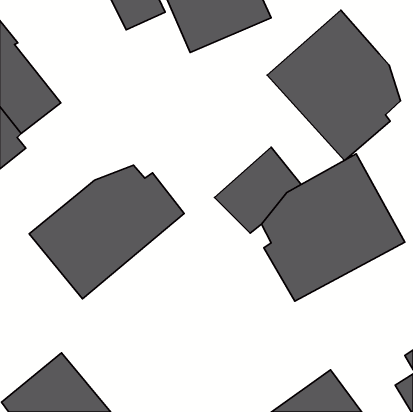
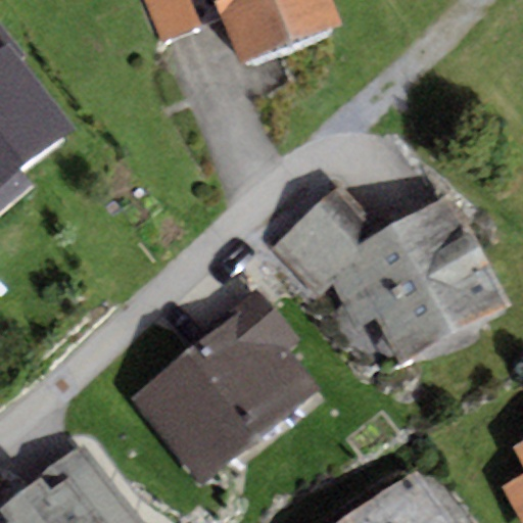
building: [267,10,400,160] -> none
building: [29,165,184,299] -> none
building: none -> [130,292,319,486]

